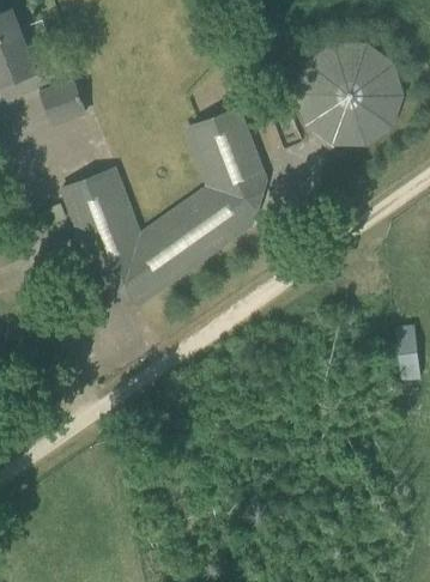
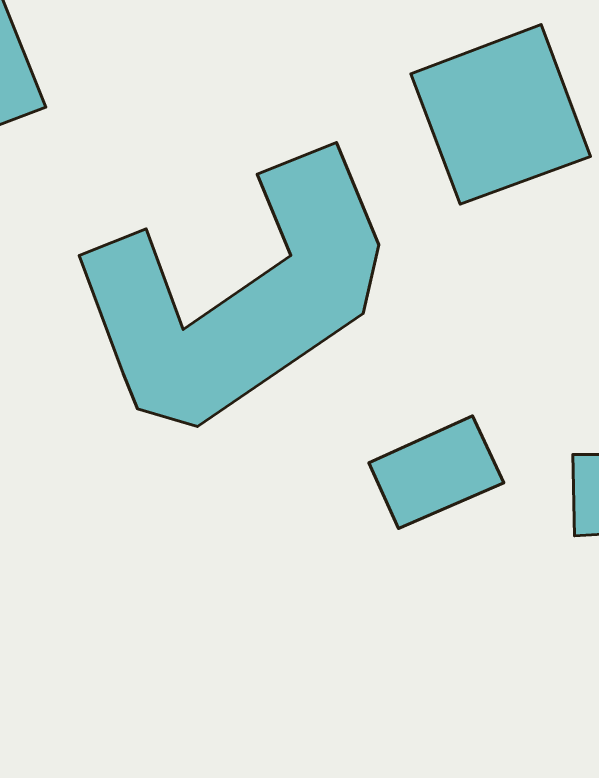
building: [40,78,85,122] -> none
building: none -> [369,416,504,528]

